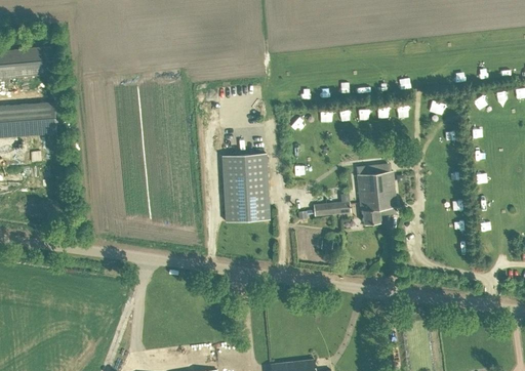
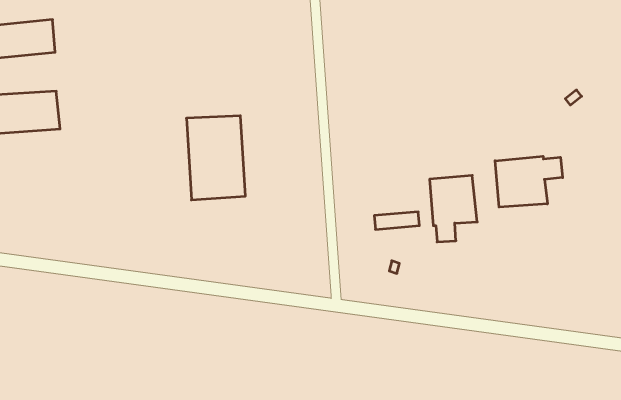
building: [221,155,270,223] -> [186,116,245,200]
building: none -> [495,156,563,207]

